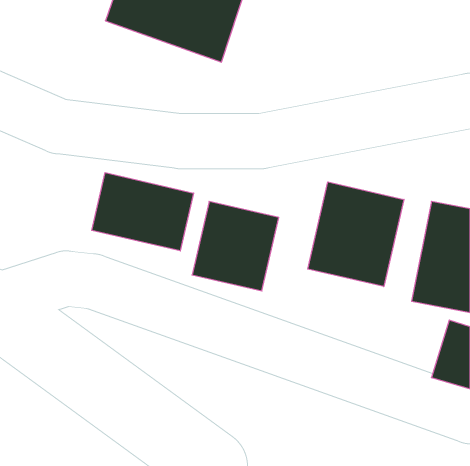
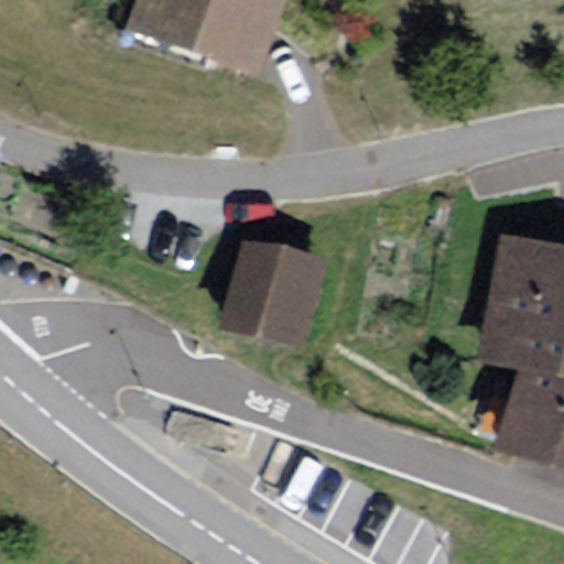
building: [92,173,194,251] -> none
building: [308,182,404,287] -> none

